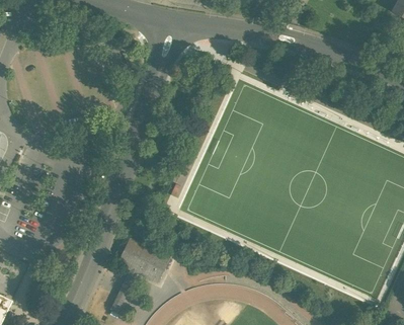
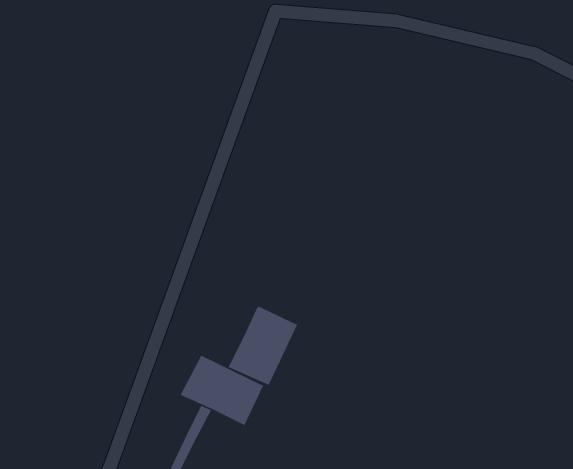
building: none -> [227,305,298,386]

